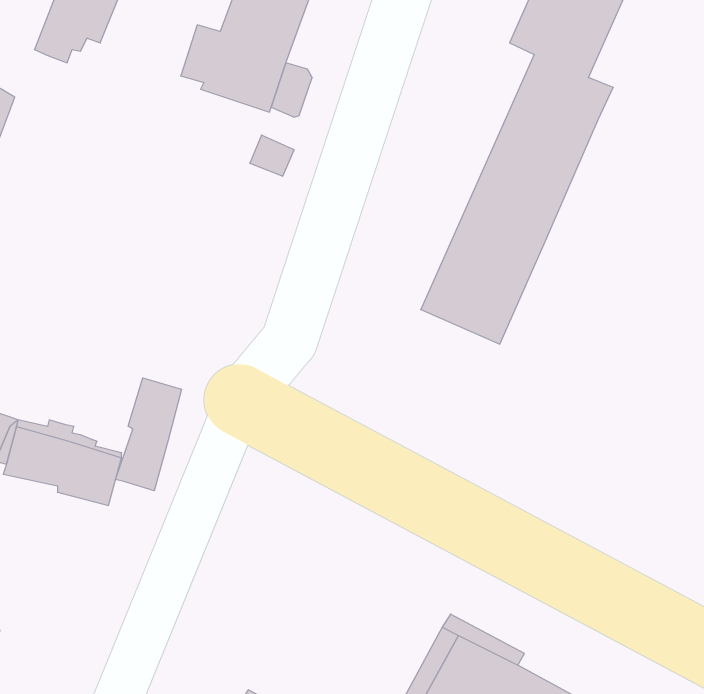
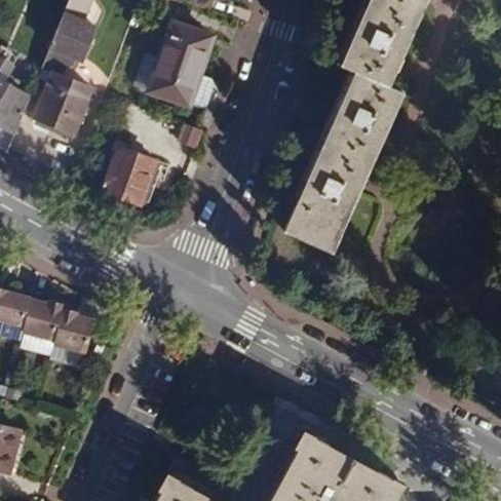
building: none -> [35,73,93,136]
building: none -> [102,147,157,206]
building: [116,378,181,491] -> none

